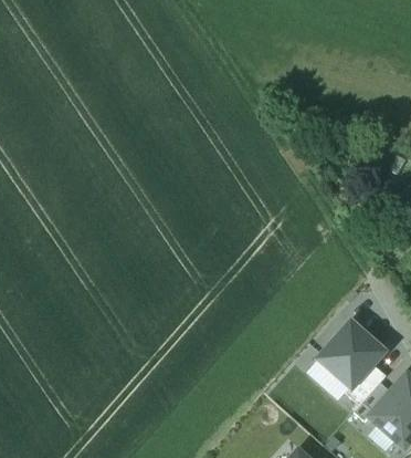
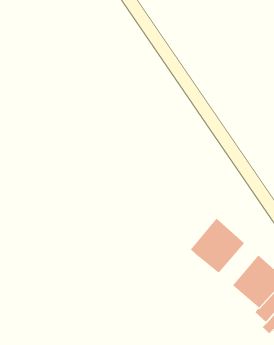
building: none -> [190,218,245,274]

